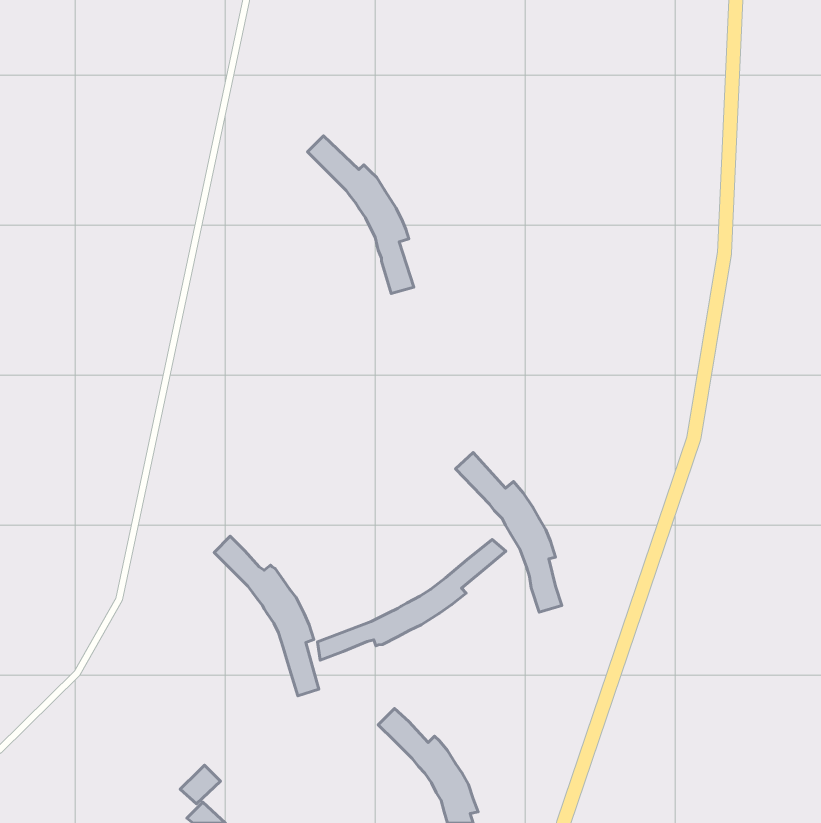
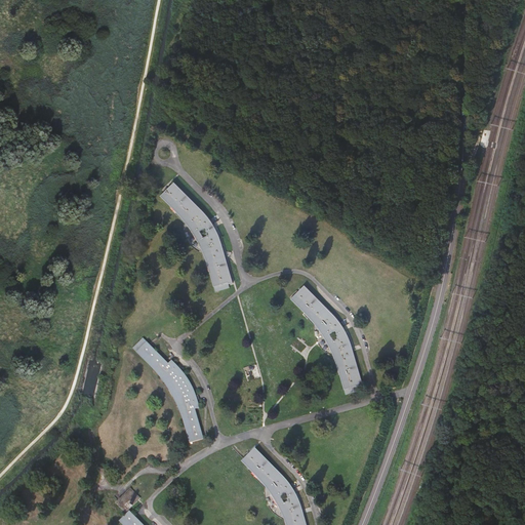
building: [307,136,414,294] -> [160,186,228,286]
building: [318,540,506,660] -> none

